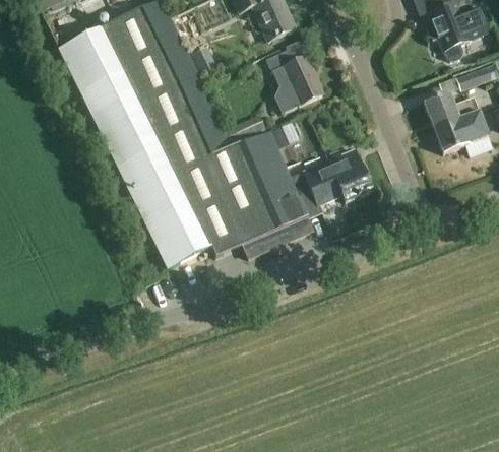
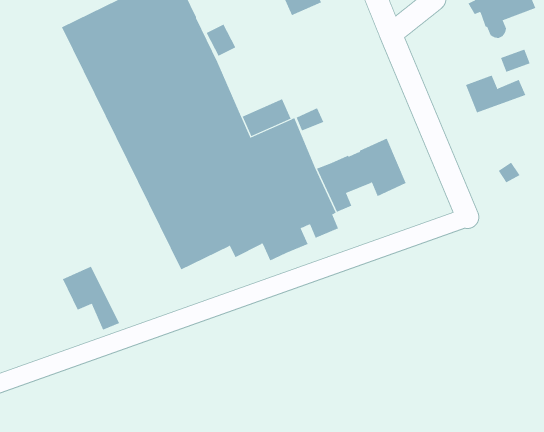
building: [265,49,323,112] -> none
building: [434,111,488,152] -> none
building: none -> [62,266,120,331]

